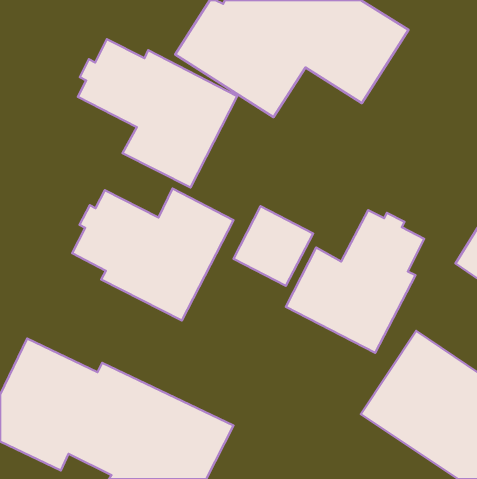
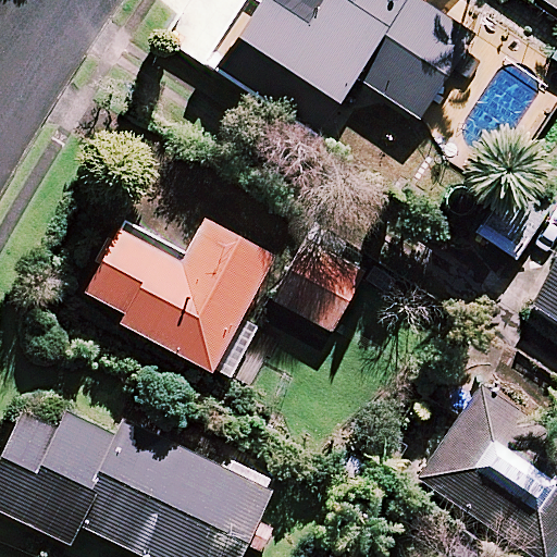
building: [78,39,237,187] -> none
building: [286,210,424,353] -> none

